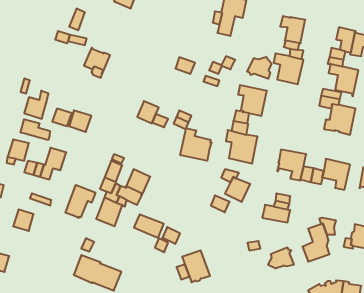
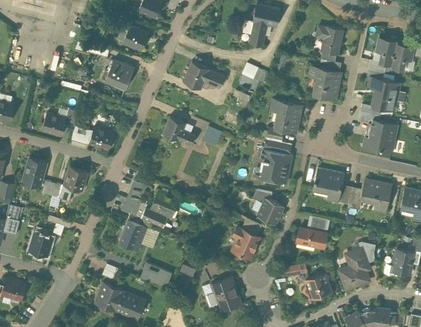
building: none -> [123,25,148,50]
building: none -> [184,62,209,90]
building: [247,57,271,79] -> none
building: [21,119,50,140] -> none
building: [180,128,211,161] -> none
building: [65,185,95,218] -> none
building: none -> [232,227,260,258]
building: [134,214,164,238] -> [140,263,172,288]

